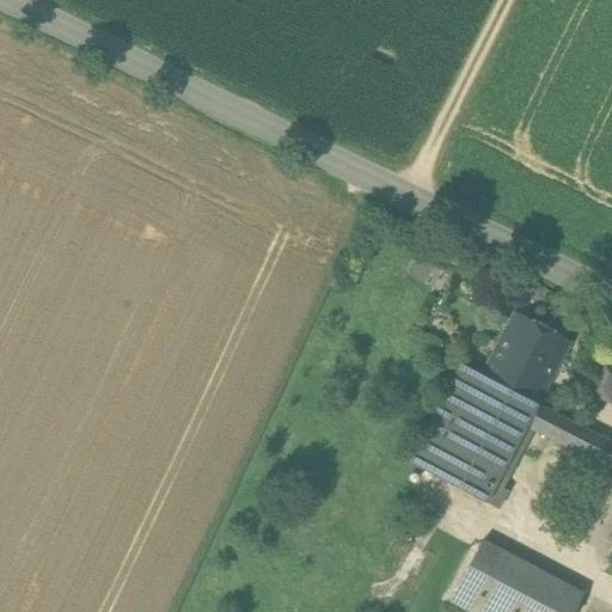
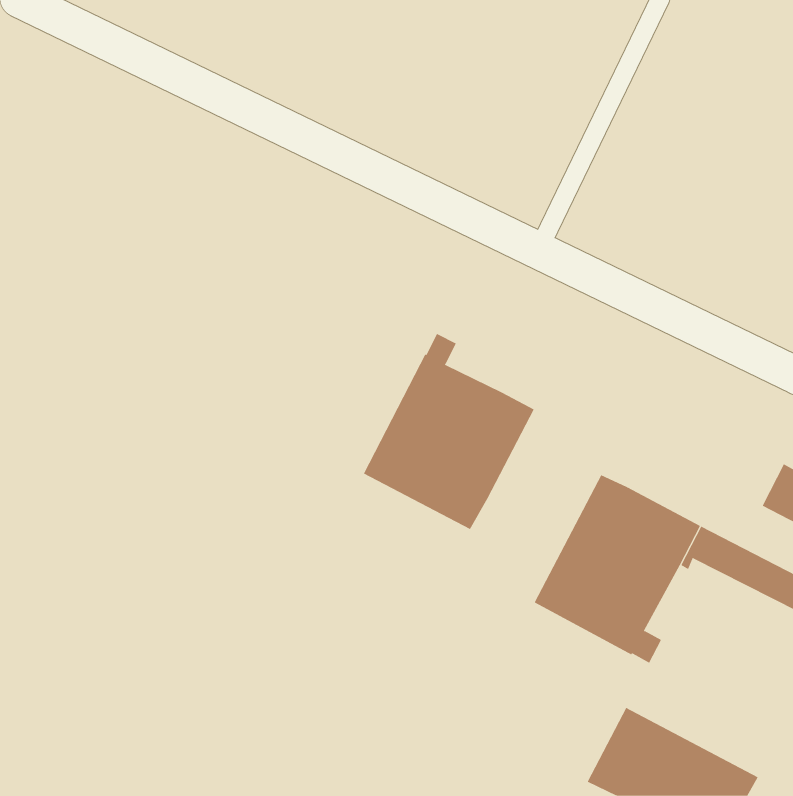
building: none -> [363,333,534,530]
building: [484,310,574,403] -> none

